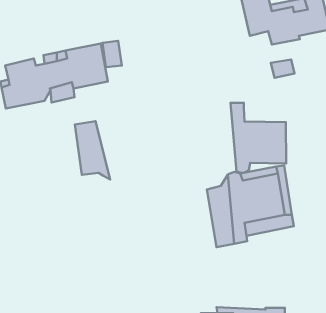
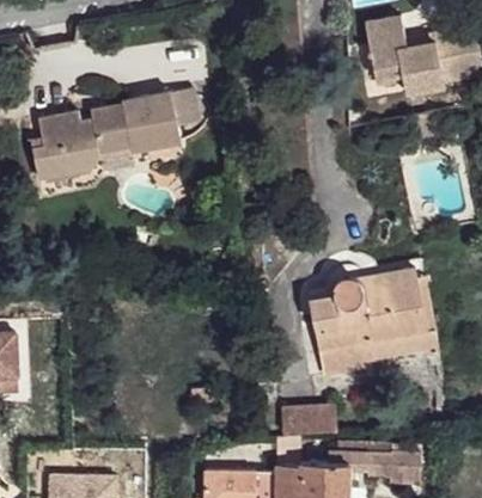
building: [230,103,286,173] -> none
building: [75,121,110,180] -> none
building: none -> [274,406,335,439]

